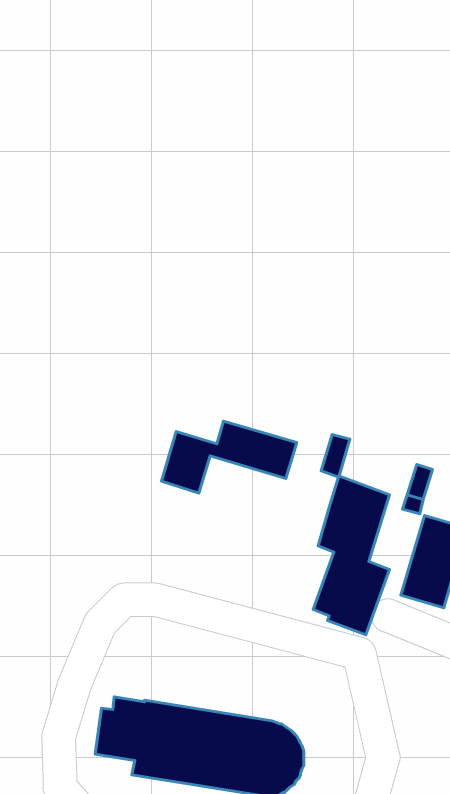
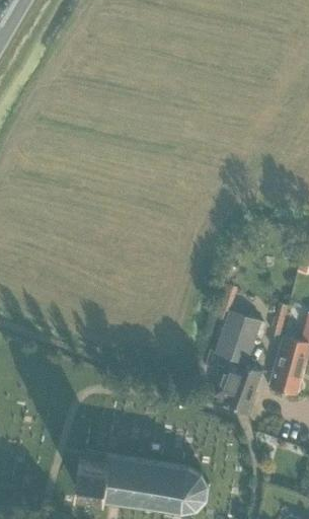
building: [161,421,297,493] -> none

